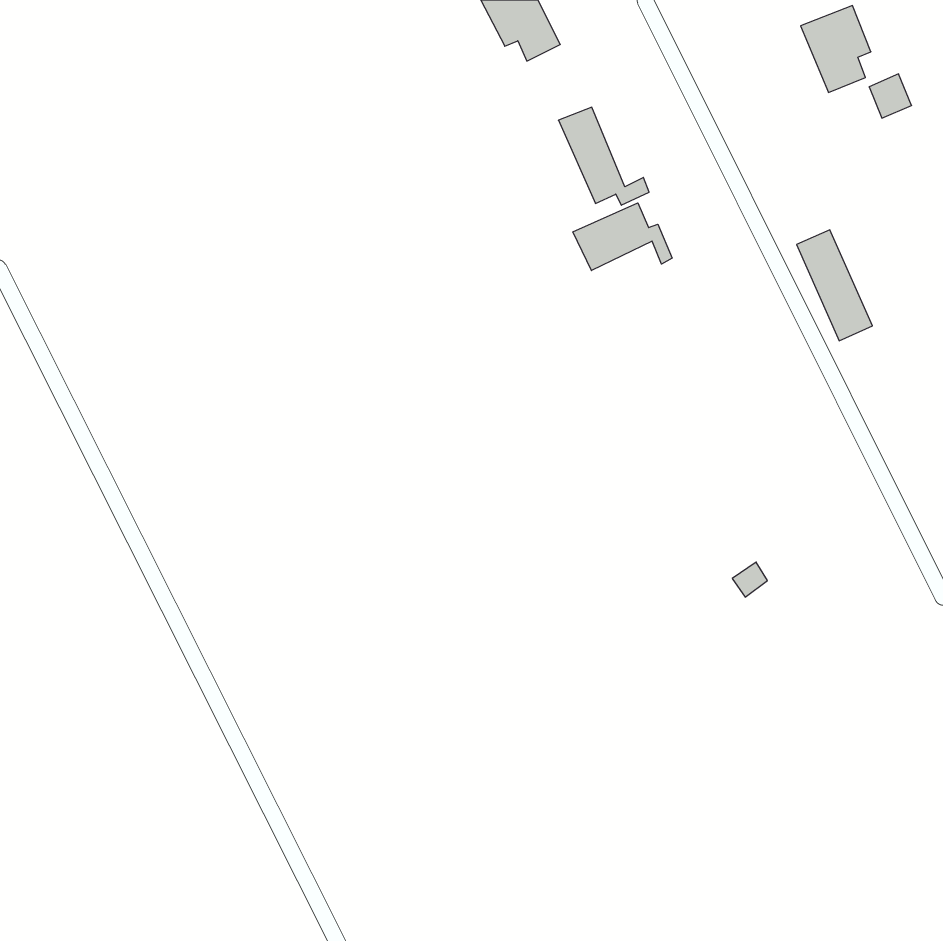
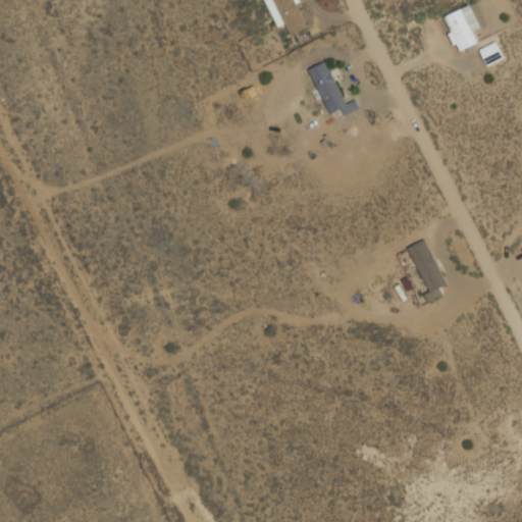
building: [573,203,672,271] -> none
building: [797,230,872,341] -> [407,239,449,300]

